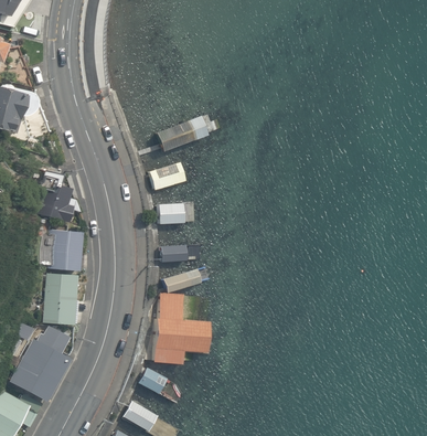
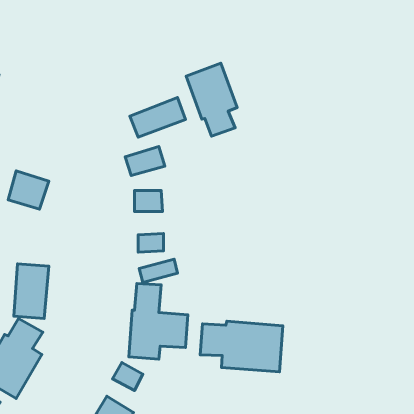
building: none -> [186,63,237,136]
building: [49,228,83,272] -> none
building: none -> [200,321,283,372]

